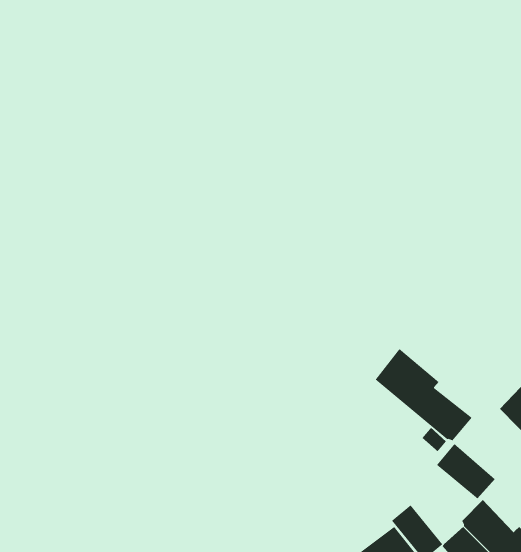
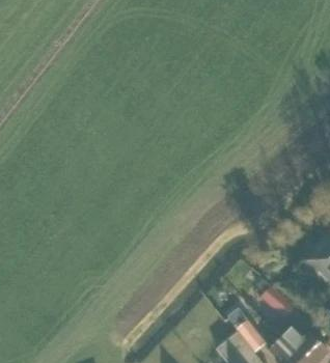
building: [375,348,472,441] -> none

